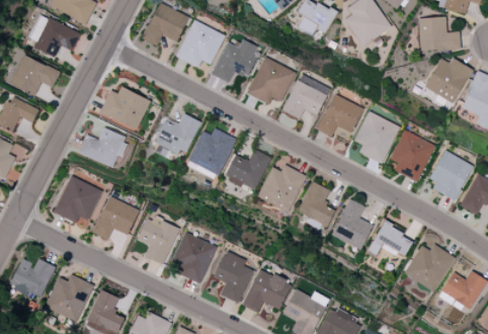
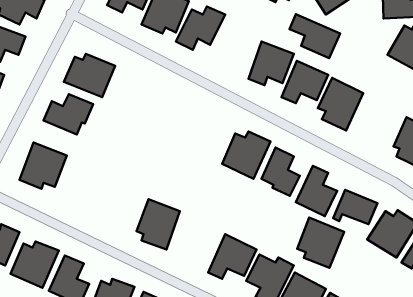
building: none -> [290,14,340,58]
building: [248,58,295,103] -> none
building: [154,113,200,156] -> none
building: [188,129,236,176] -> none
building: [390,131,435,182] -> none
building: [225,149,271,190] -> none
building: [92,196,140,240] -> none
building: [138,216,179,264] -> none
building: [214,251,253,304] -> none
building: none -> [297,217,344,268]

